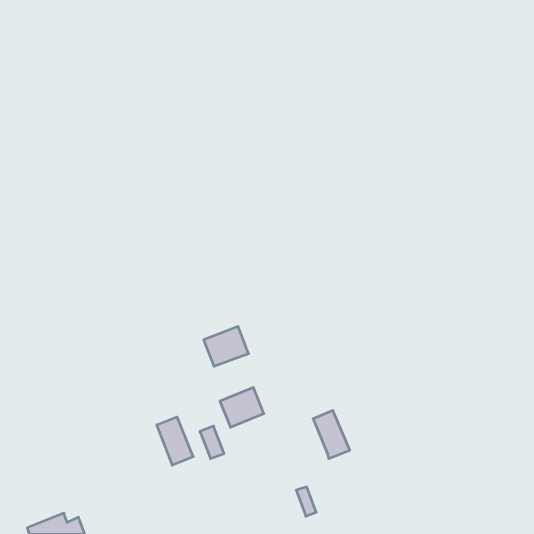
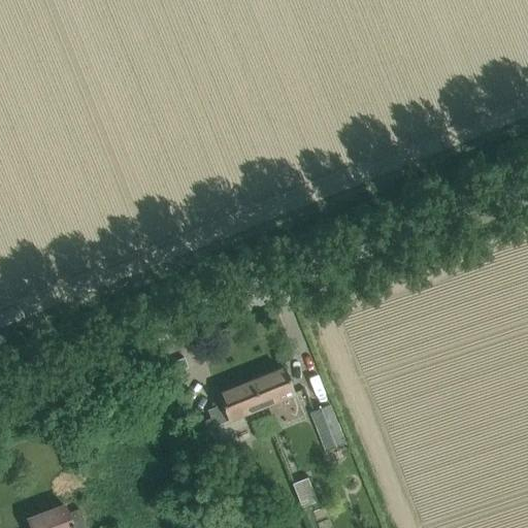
building: [204,326,249,366] -> [251,368,295,407]
building: [157,417,193,465] -> none

